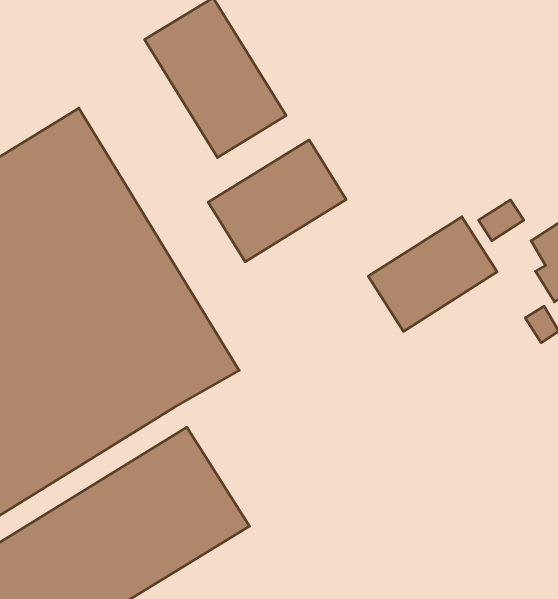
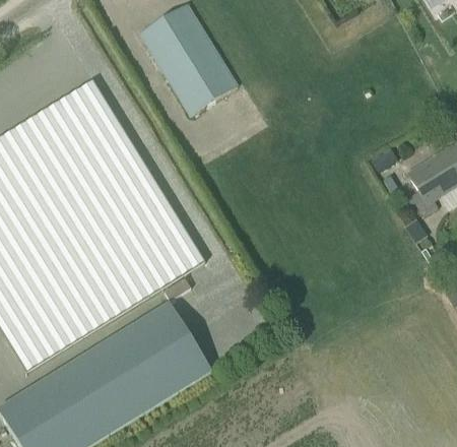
building: [208,140,346,262] -> none
building: [368,217,497,331] -> none

